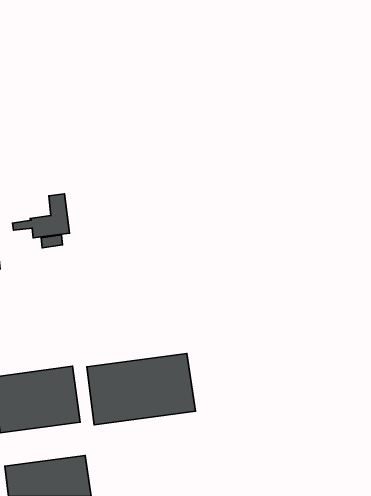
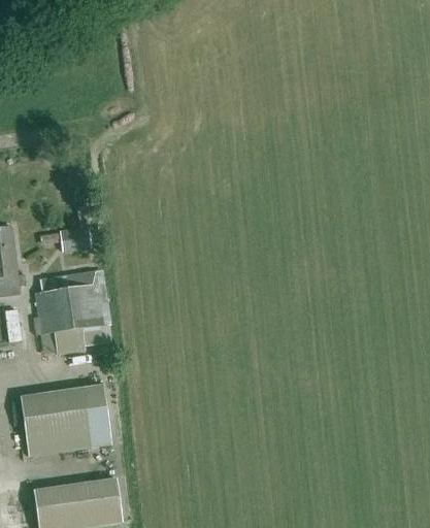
building: none -> [33,268,111,355]
building: [87,354,195,425] -> none

